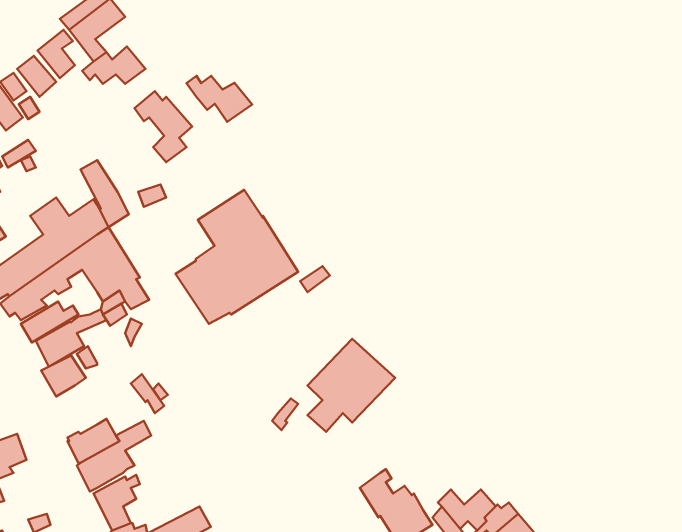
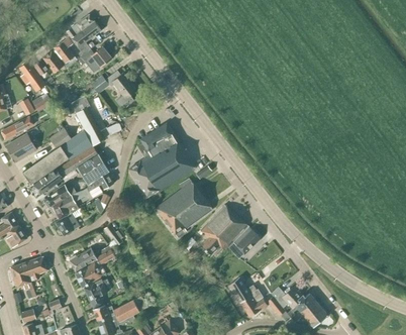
building: [187,76,252,122] -> none
building: none -> [156,182,212,238]
building: none -> [228,227,260,255]

